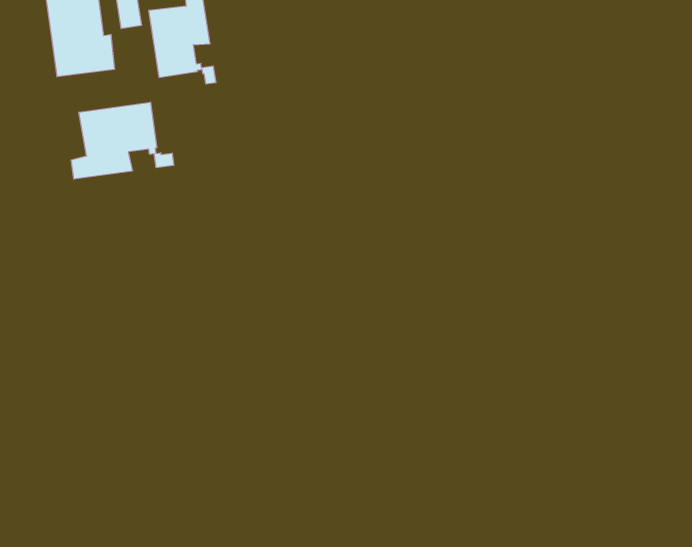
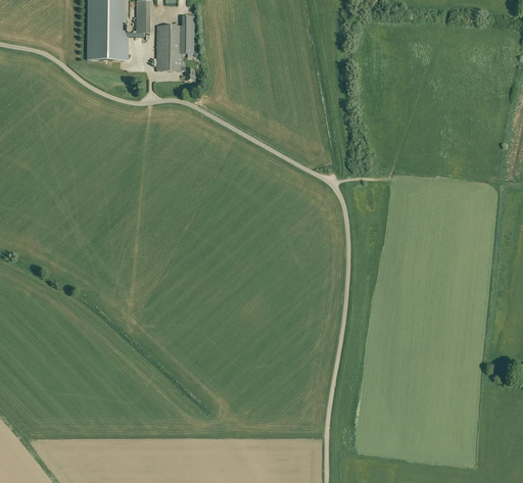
building: [71,102,174,179] -> none

